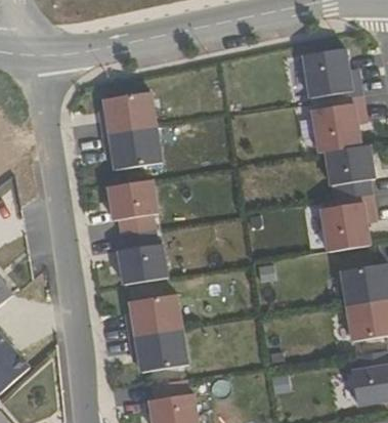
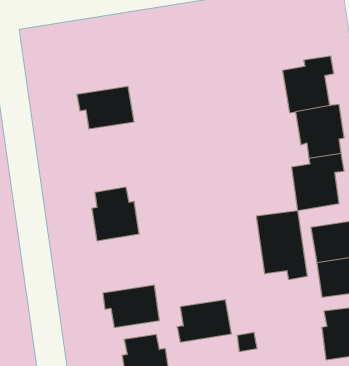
building: [304,48,361,100] -> none
building: [101,92,156,135] -> none
building: [109,179,158,235] -> none
building: none -> [256,210,307,280]
building: [127,294,182,337] -> [177,300,232,342]

